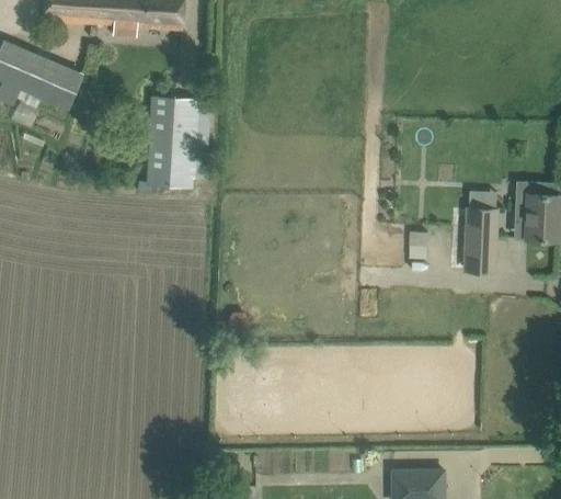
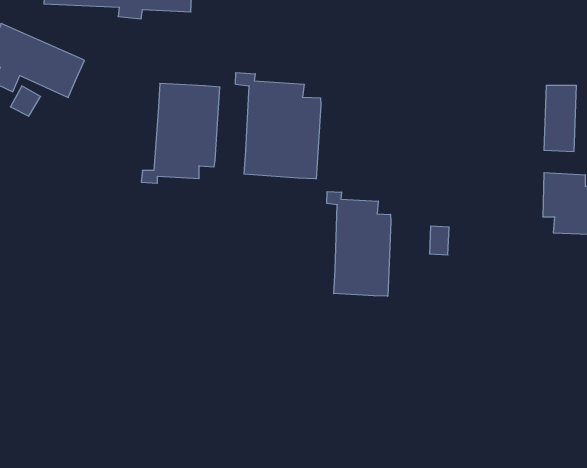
building: none -> [236,73,321,179]
building: none -> [327,192,391,296]
building: [465,208,495,271] -> [544,85,576,151]

